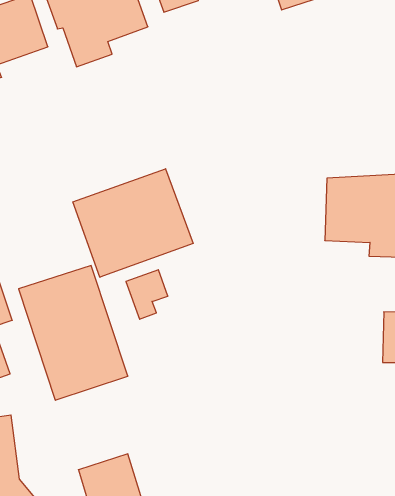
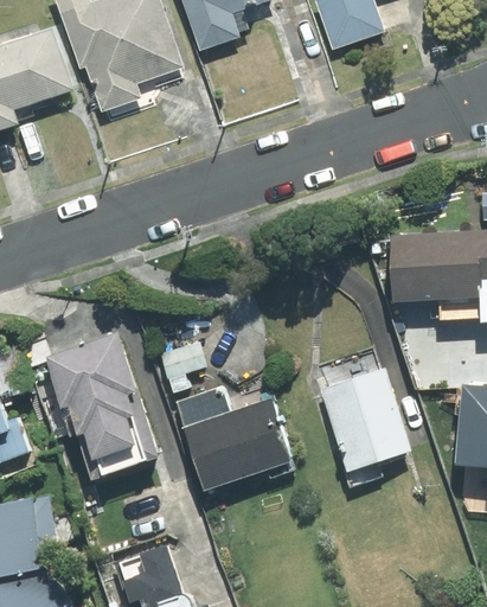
building: [73,169,193,277] -> none
building: none -> [315,368,414,487]
building: none -> [188,395,295,487]

